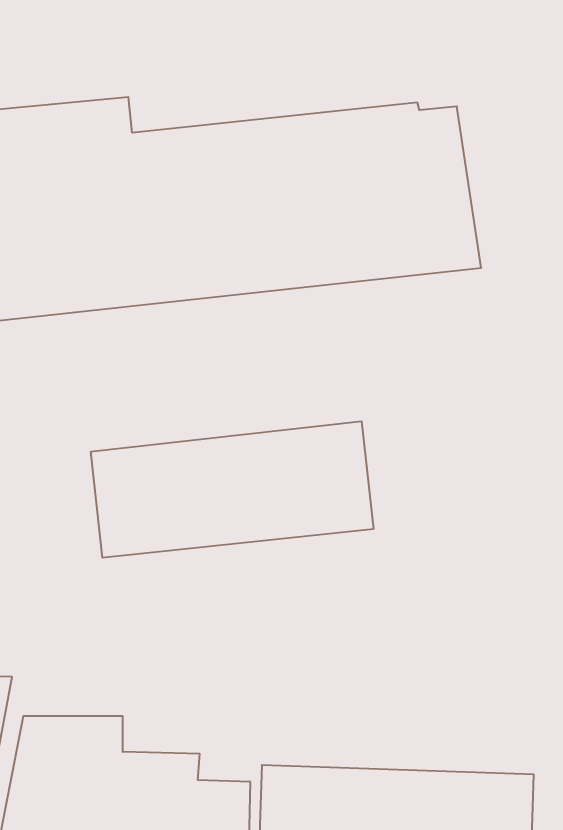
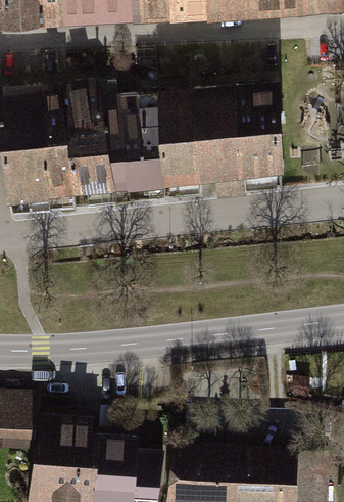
building: [91,421,373,558] -> none

